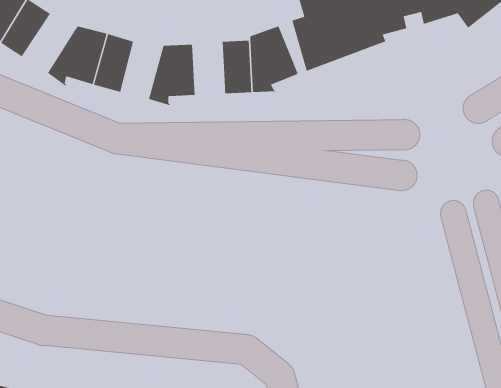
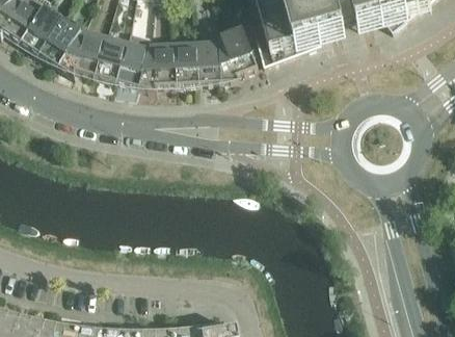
building: none -> [39,19,81,66]
building: none -> [117,30,153,86]
building: none -> [175,41,199,83]

